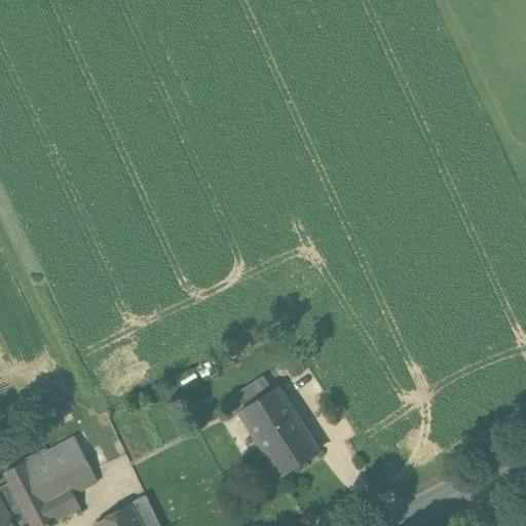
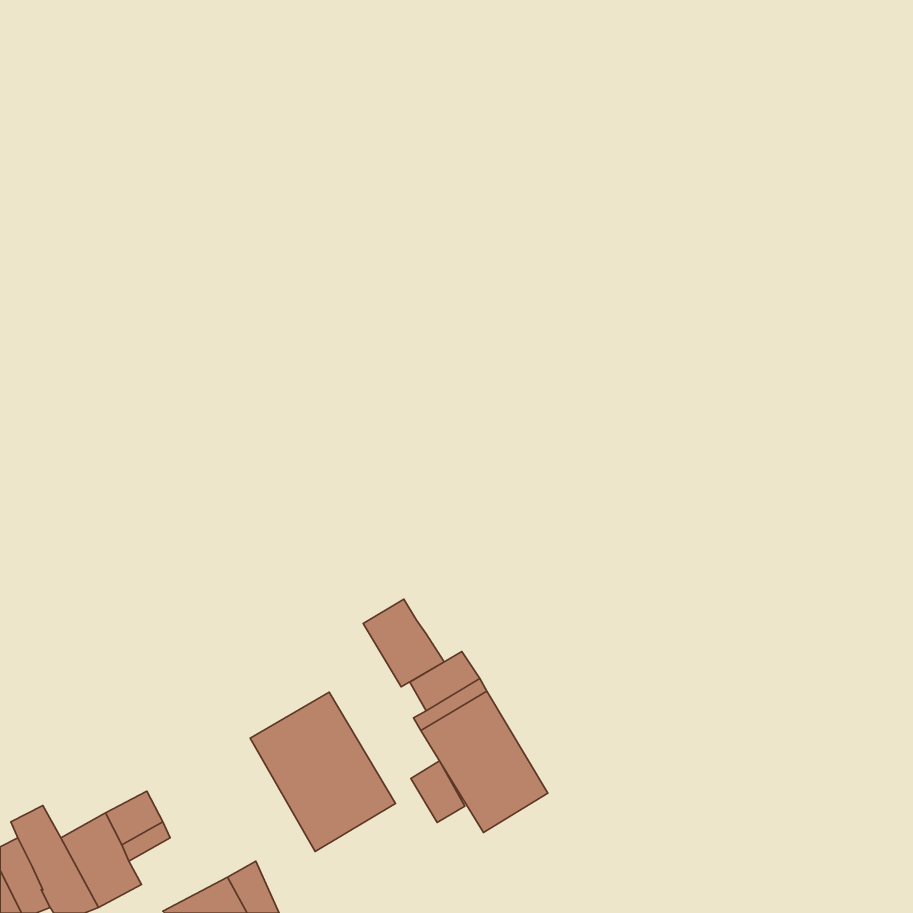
building: none -> [363,599,444,687]
building: none -> [250,692,396,851]
building: [26,436,85,481] -> none
building: none -> [411,761,465,822]

